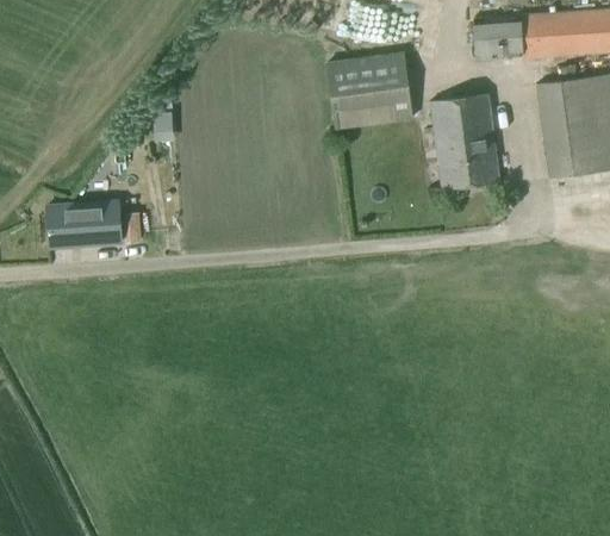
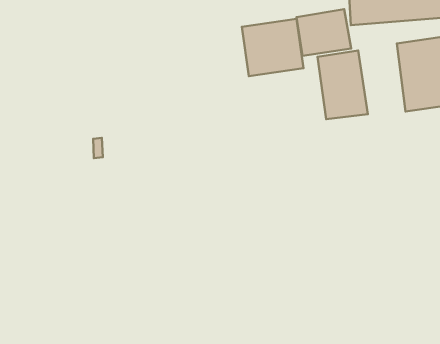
building: none -> [297,9,351,56]
building: [50,212,122,245] -> none

